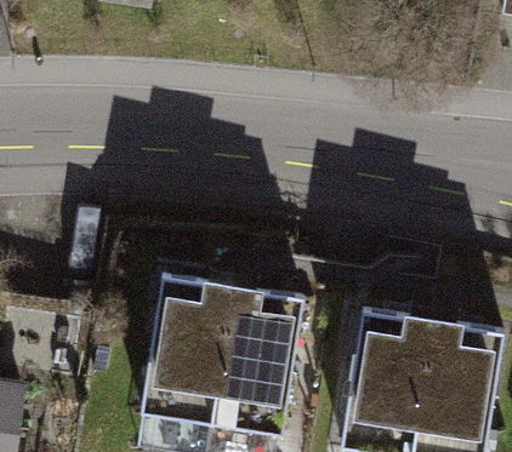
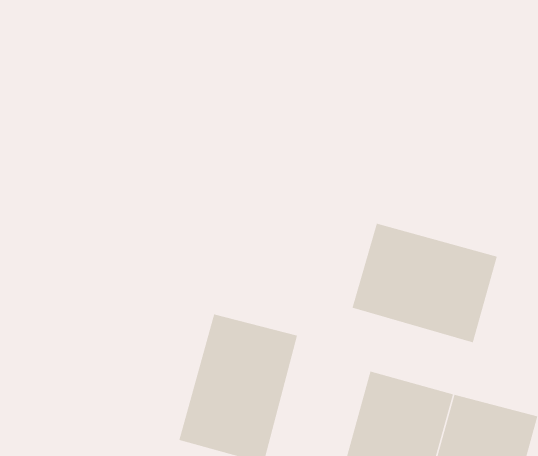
building: none -> [352,223,497,343]
building: [140,294,223,410] -> none

